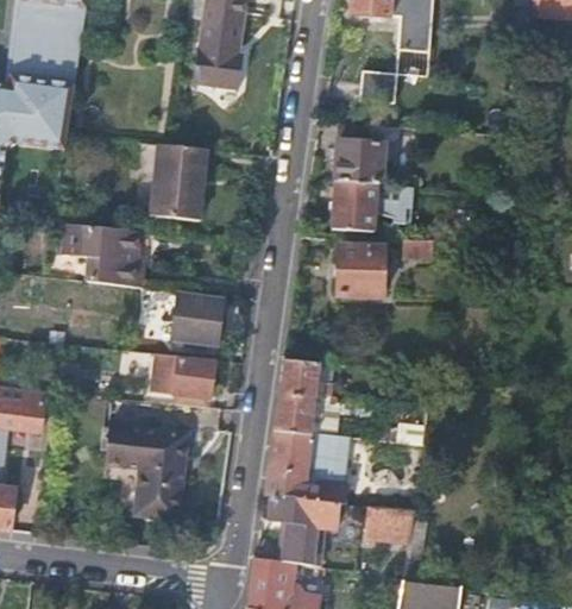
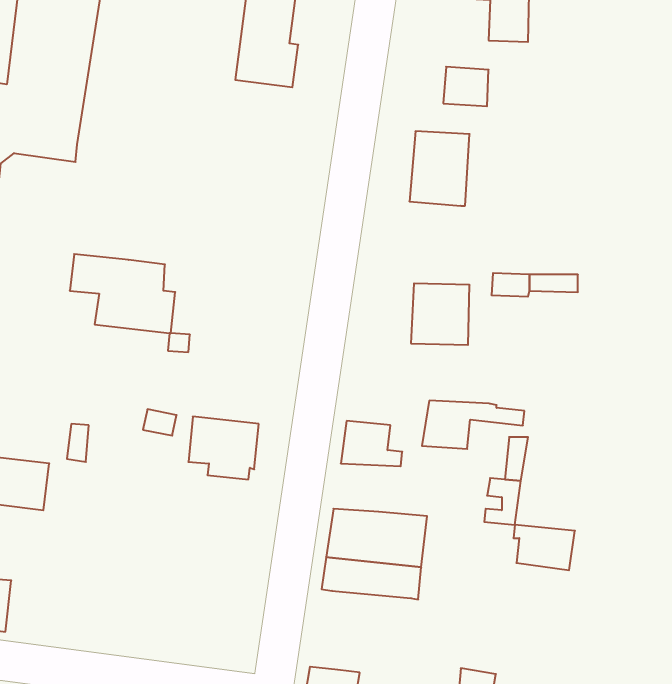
building: [156,145,212,219] -> none
building: [333,181,414,232] -> none
building: [171,296,220,345] -> none
building: [274,394,357,433] -> [422,401,524,449]
building: [103,426,182,519] -> none
building: [270,497,337,566] -> none
building: [363,507,413,544] -> [513,525,575,570]

